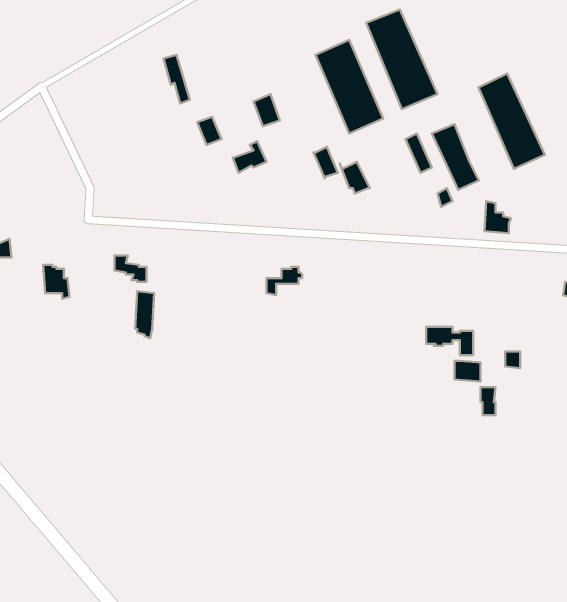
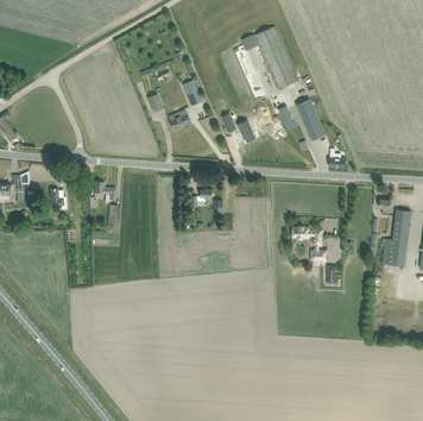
building: [479,73,545,169] -> none

